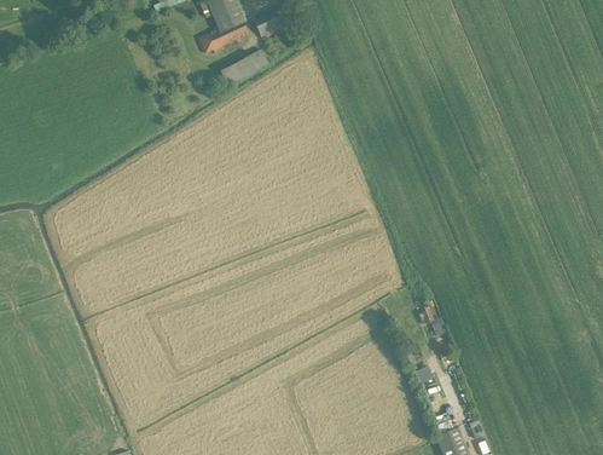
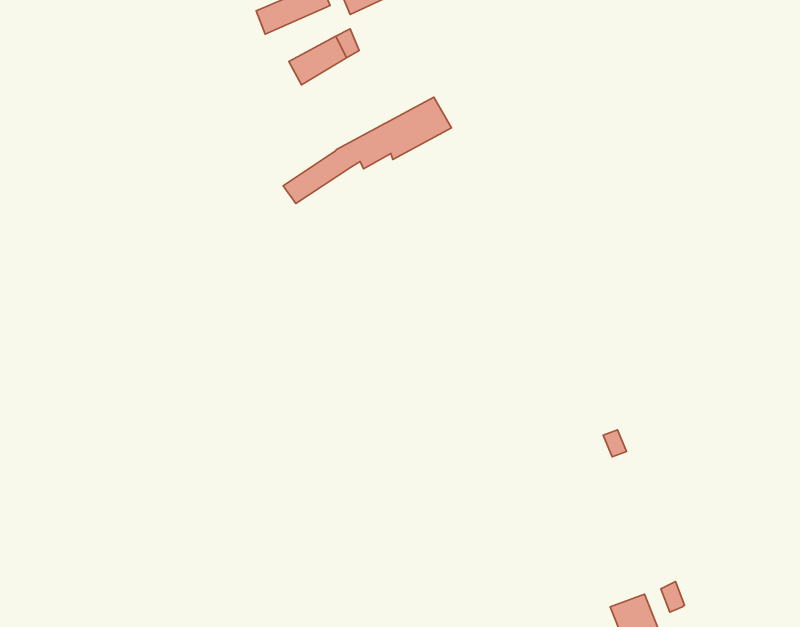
building: none -> [283,97,451,203]

